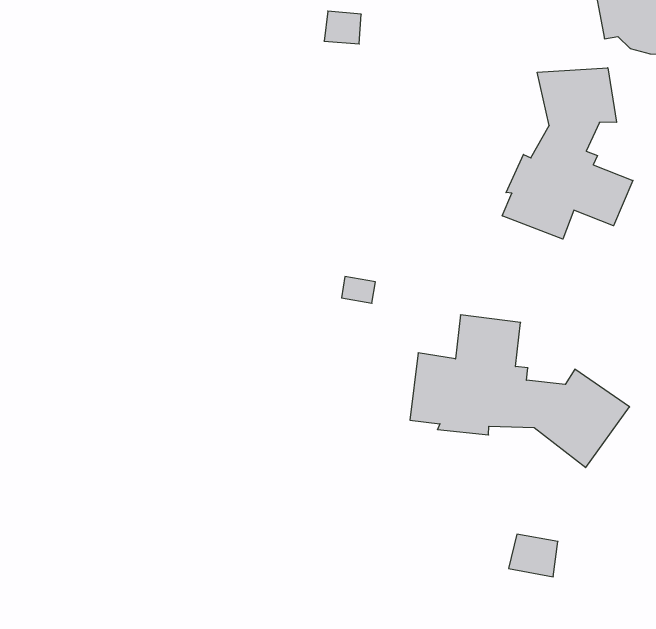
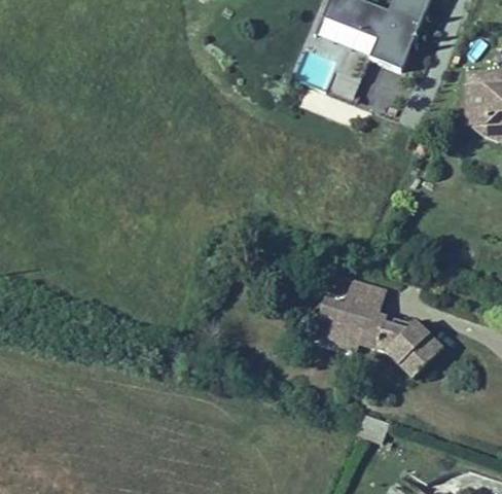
building: [502,68,633,239] -> none

